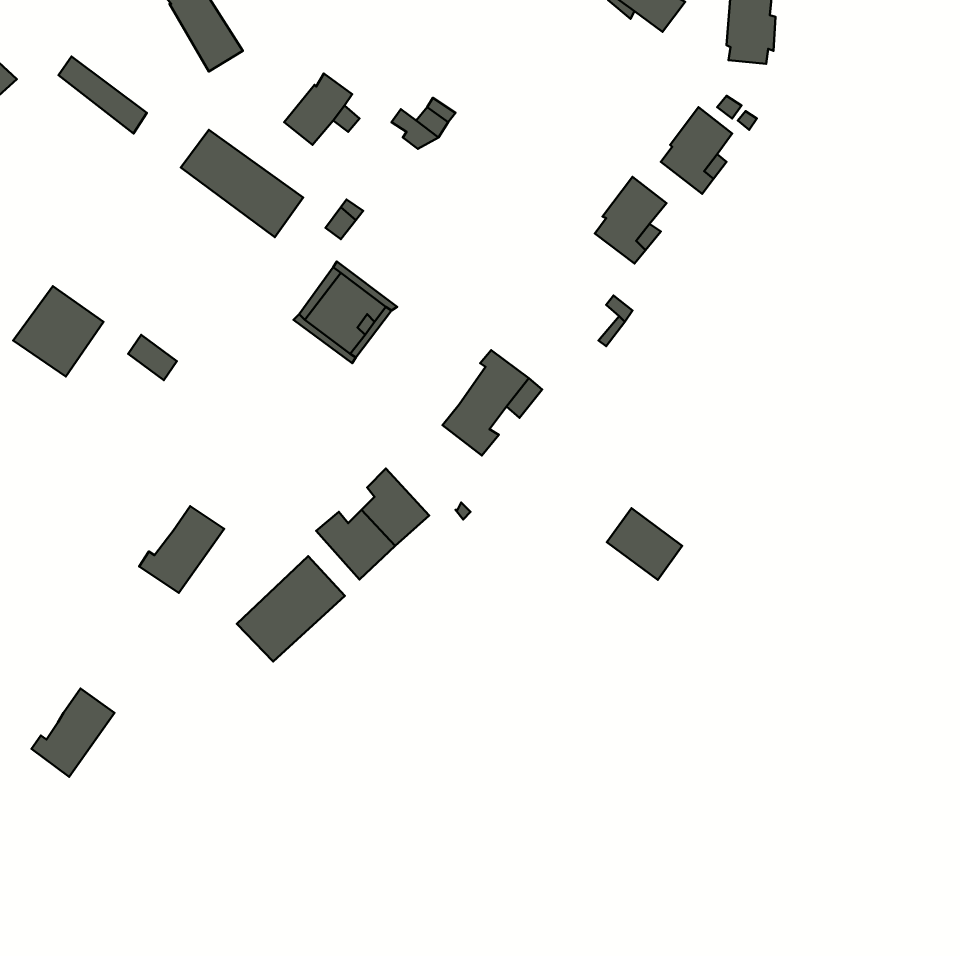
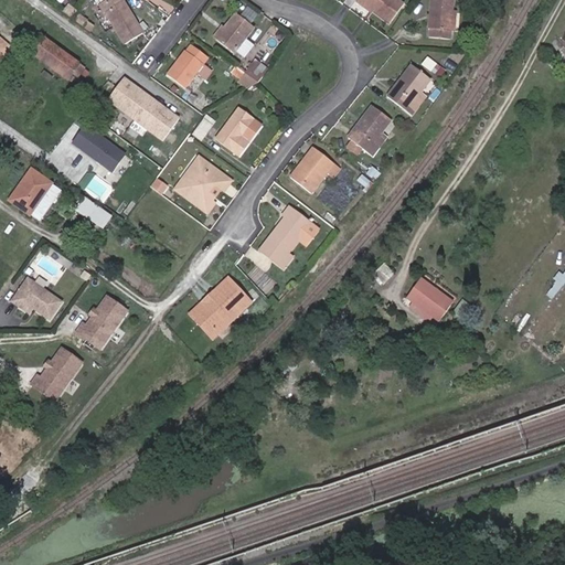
building: none -> [213,12,253,51]
building: none -> [215,107,253,154]
building: none -> [71,124,124,170]
building: none -> [288,145,340,193]
building: none -> [11,276,61,317]
building: [607,508,682,580] -> [406,278,450,320]
building: [237,556,345,662] -> none
building: [32,689,114,777] -> [33,347,82,398]

